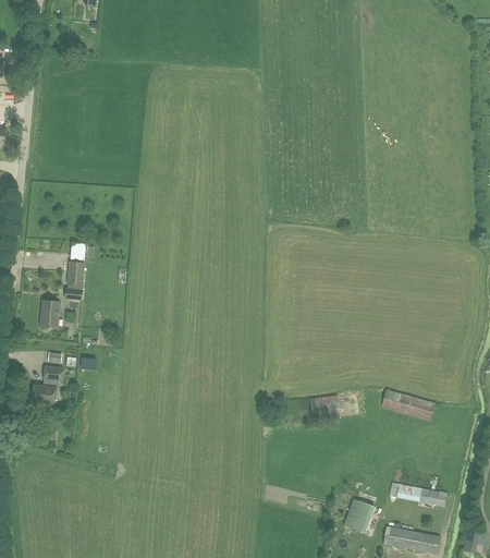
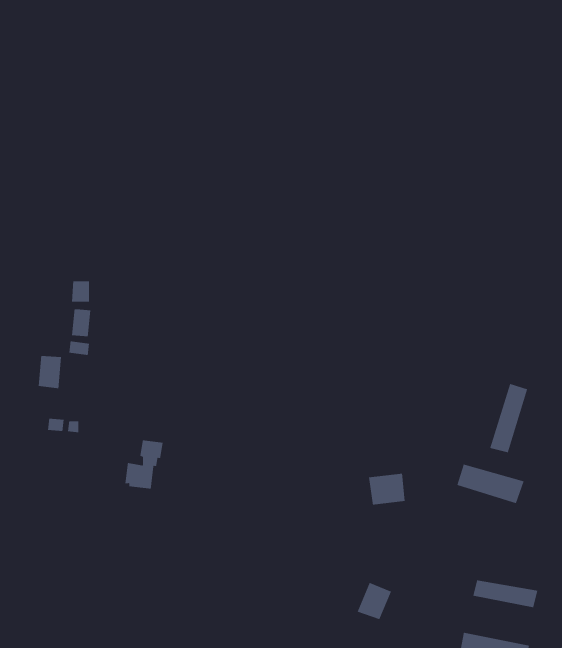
building: none -> [490,383,528,453]
building: [30,365,62,405] -> [125,440,163,489]
building: [345,500,373,531] -> [357,582,392,620]

